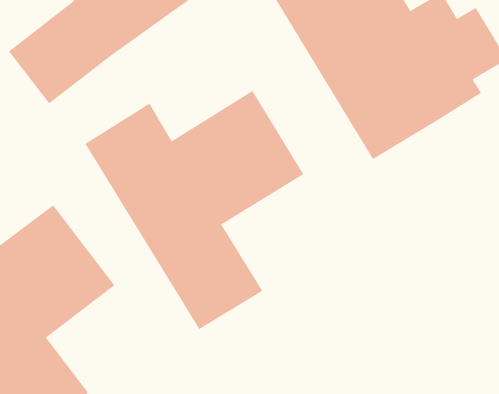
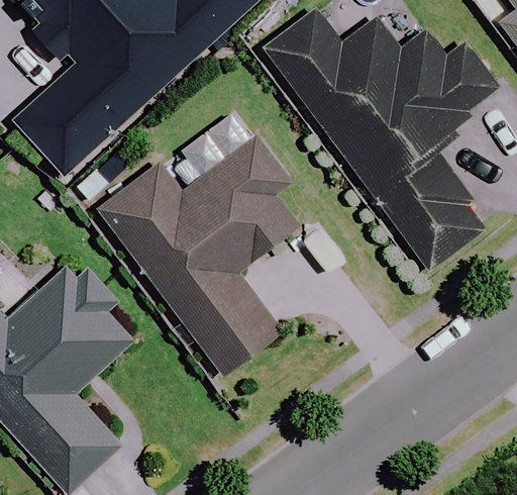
building: none -> [374,154,486,270]

